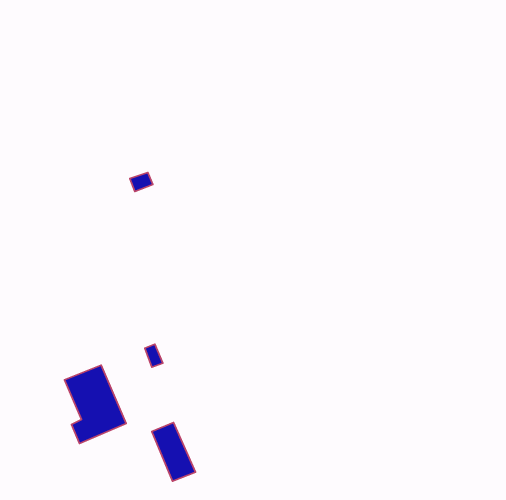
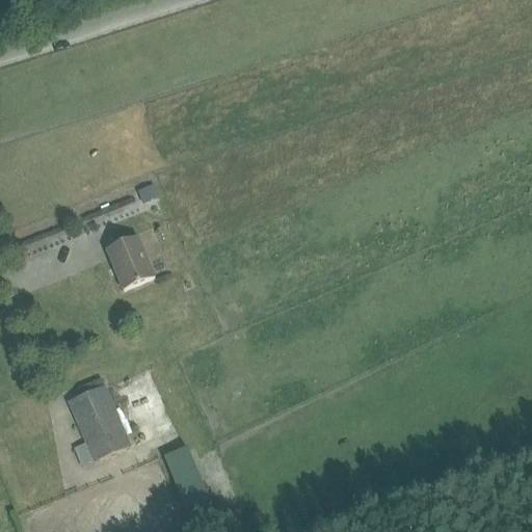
building: none -> [106,233,155,287]

